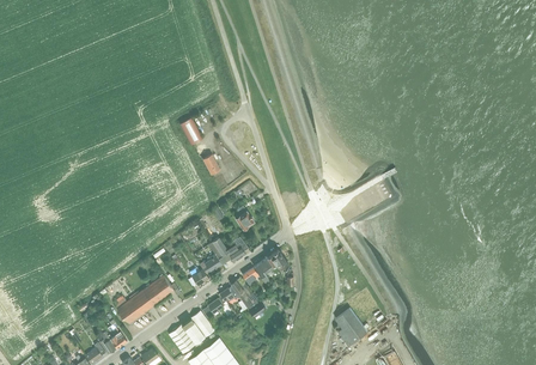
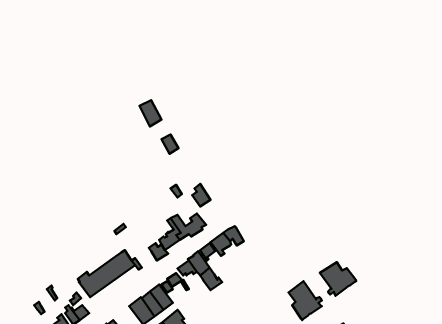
building: none -> [320,262,356,296]

